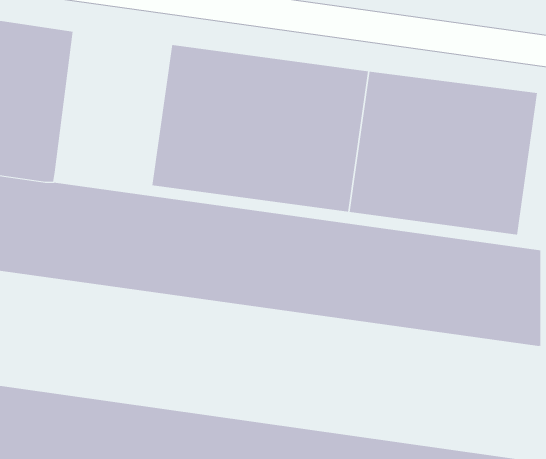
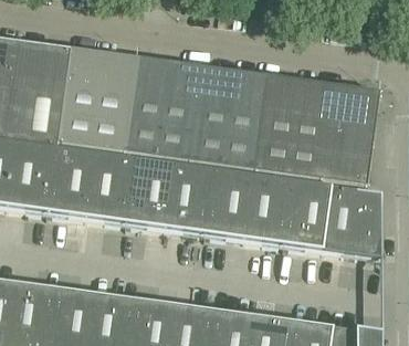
building: none -> [57,46,135,149]

